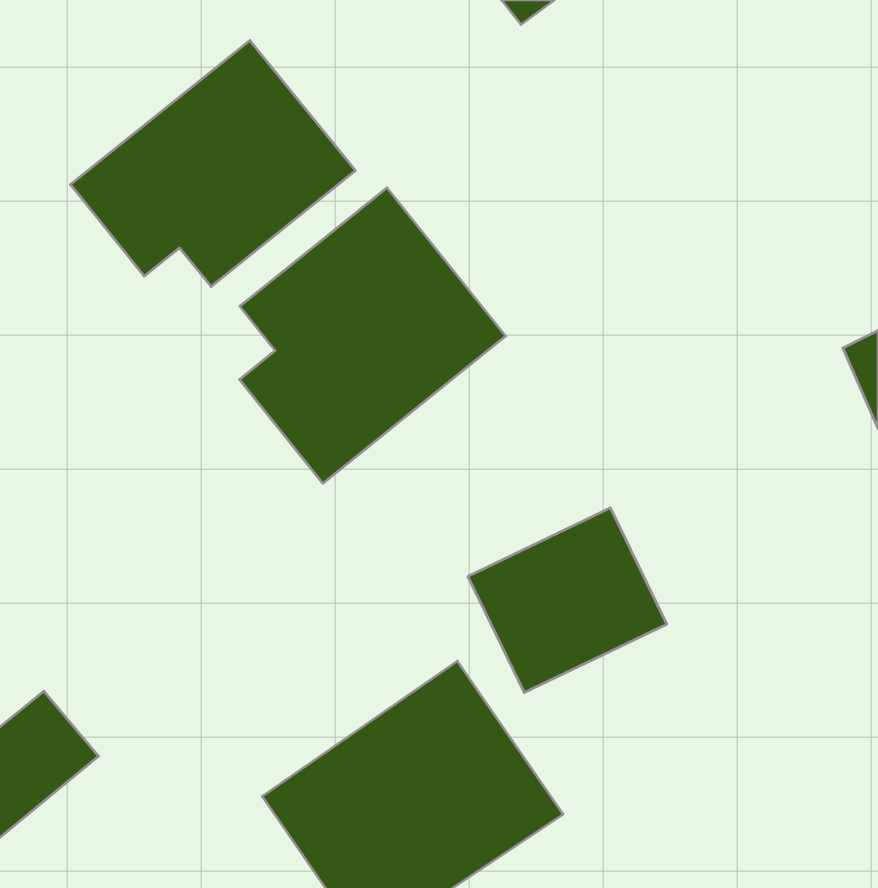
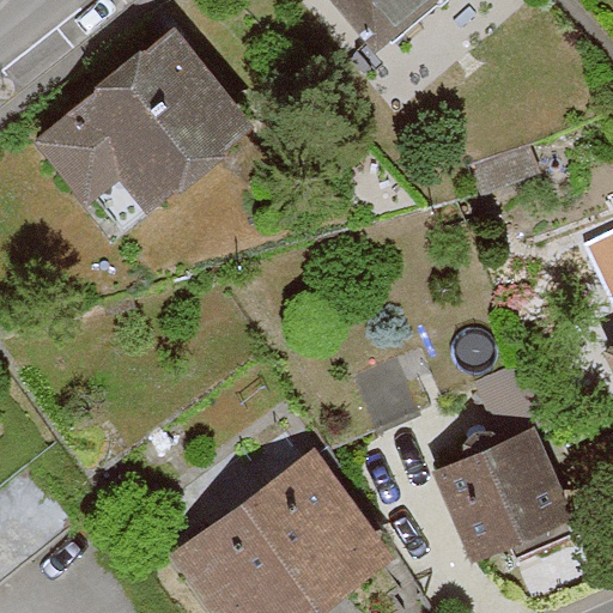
building: [239,188,506,483] -> none
building: [468,508,667,693] -> [435,430,570,556]

